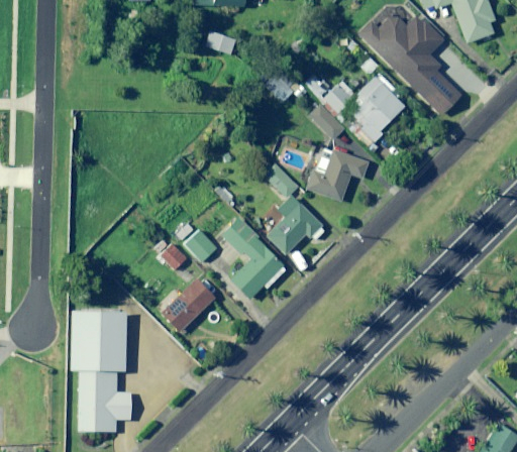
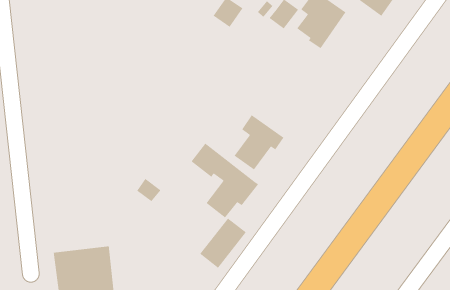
building: [310,104,346,140] -> none
building: [308,150,370,202] -> none
building: [266,164,299,198] -> none
building: [186,231,217,262] -> none
building: [163,280,215,332] -> [199,218,247,269]

